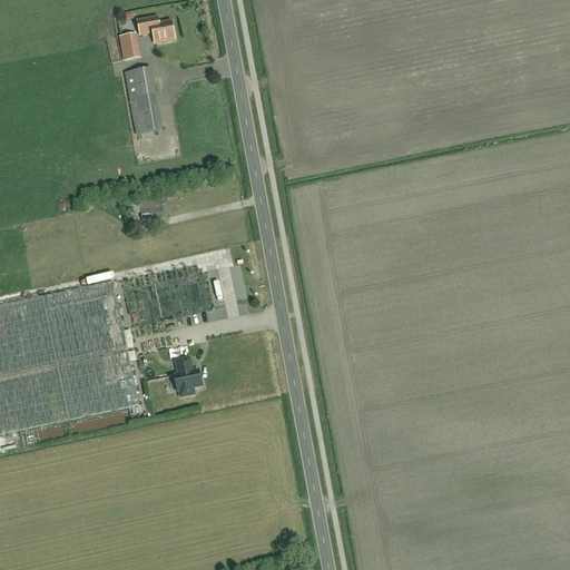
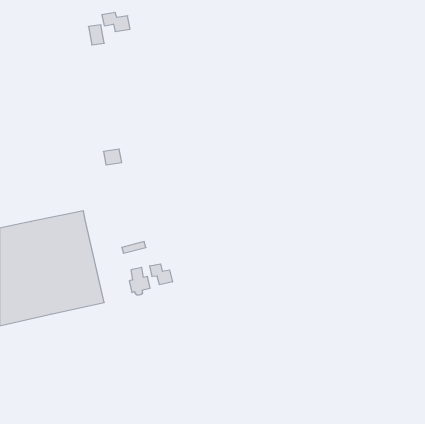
building: [125,68,161,135] -> none
building: none -> [150,264,172,285]

